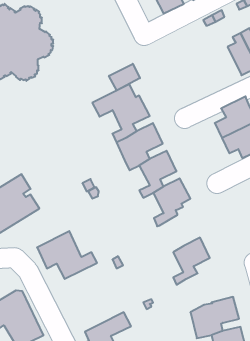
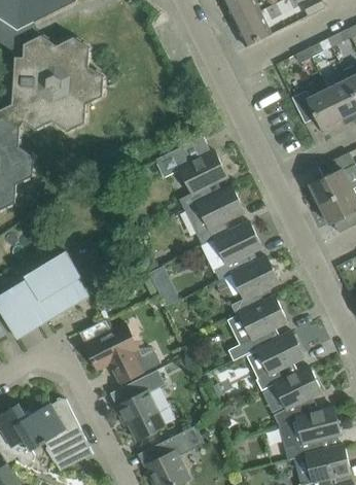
building: none -> [289,86,344,134]
building: [109,64,140,91] -> none
building: none -> [238,296,287,355]
building: none -> [274,366,321,425]
building: none -> [115,370,165,440]

